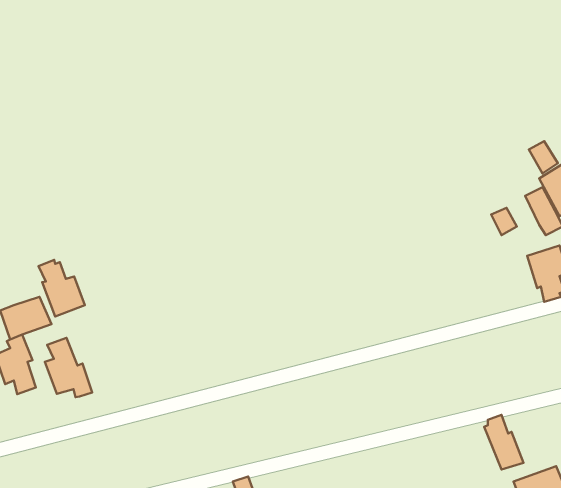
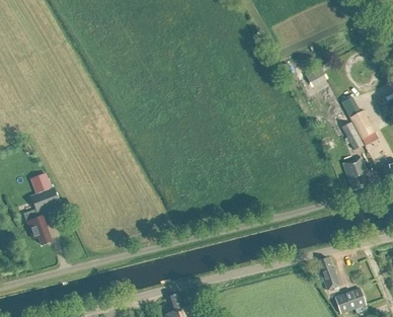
building: [39,260,85,316] -> none
building: [45,338,92,397] -> none

